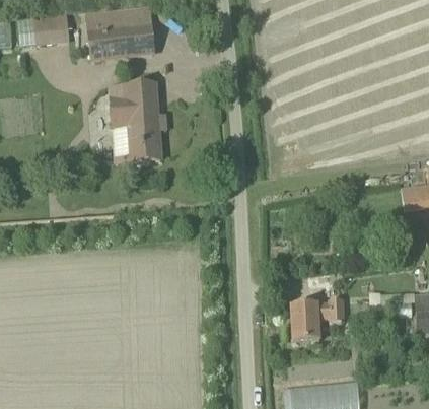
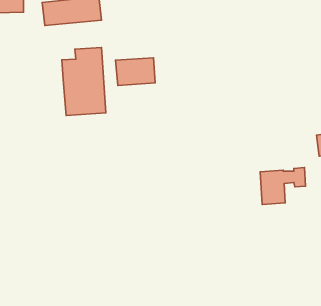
building: none -> [116,58,155,85]
building: [292,299,344,342] -> [260,167,305,205]

